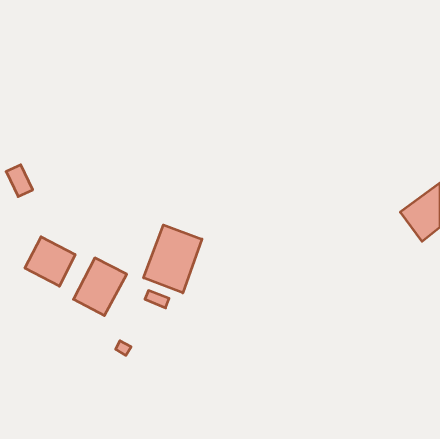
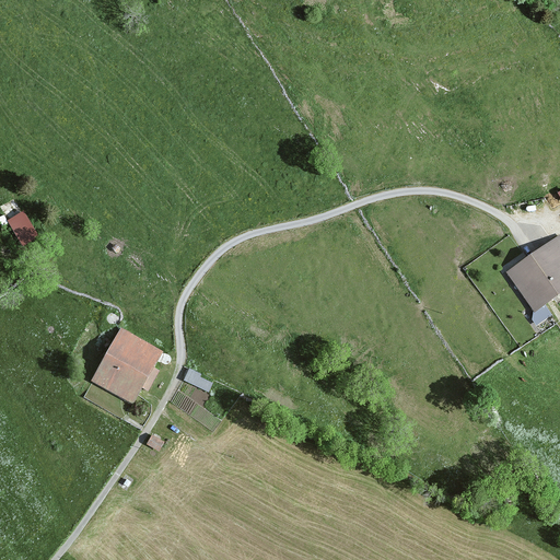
building: [144,225,202,293] -> none
building: [25,237,75,286] -> none

